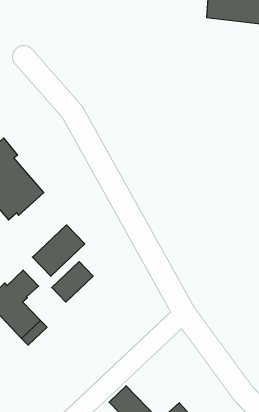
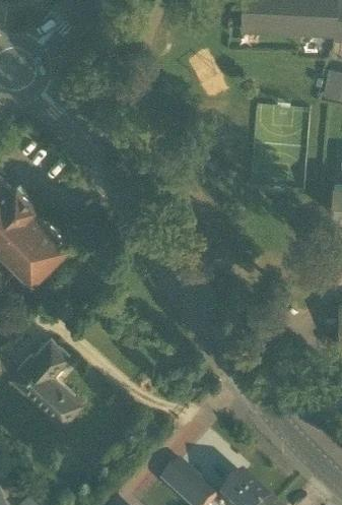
building: [32,225,85,276] -> none
building: [52,262,93,302] -> none

